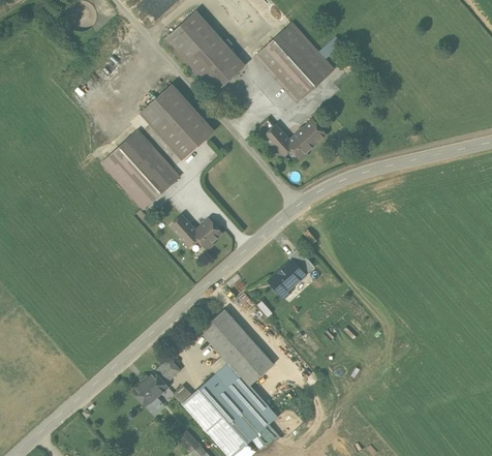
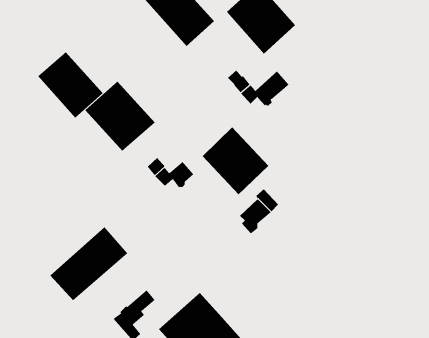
building: [141,85,213,158] -> [37,51,104,119]
building: none -> [202,127,269,195]
building: none -> [50,227,128,301]
building: [199,309,273,386] -> none

